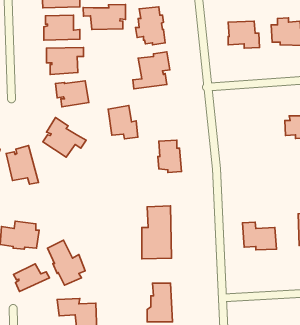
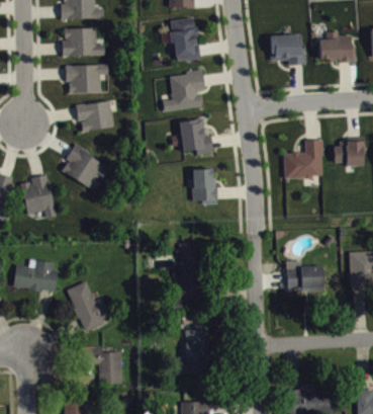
building: [83,5,125,30] -> none
building: [108,106,138,139] -> [179,117,212,155]
building: none -> [283,140,323,178]
building: [14,264,49,291] -> none

